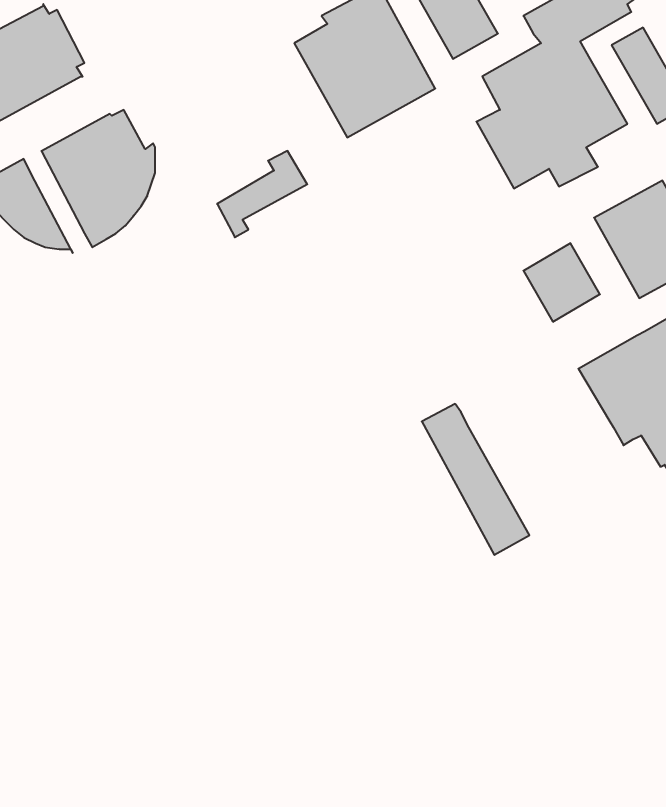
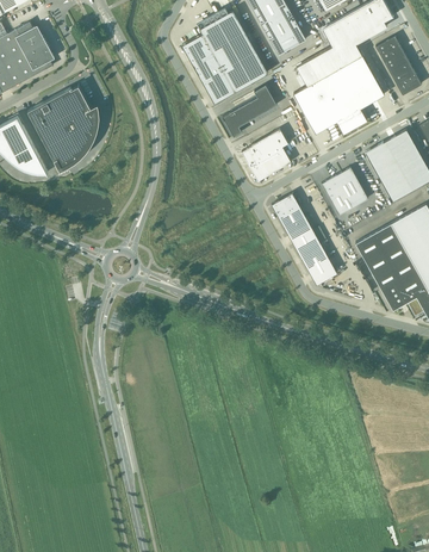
building: [217,151,307,237] -> [223,86,278,138]
building: none -> [242,130,291,182]
building: [422,404,529,555] -> [272,194,337,286]

